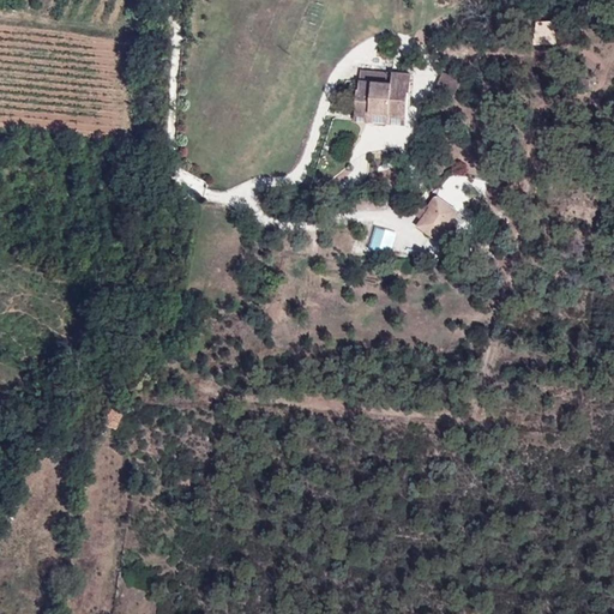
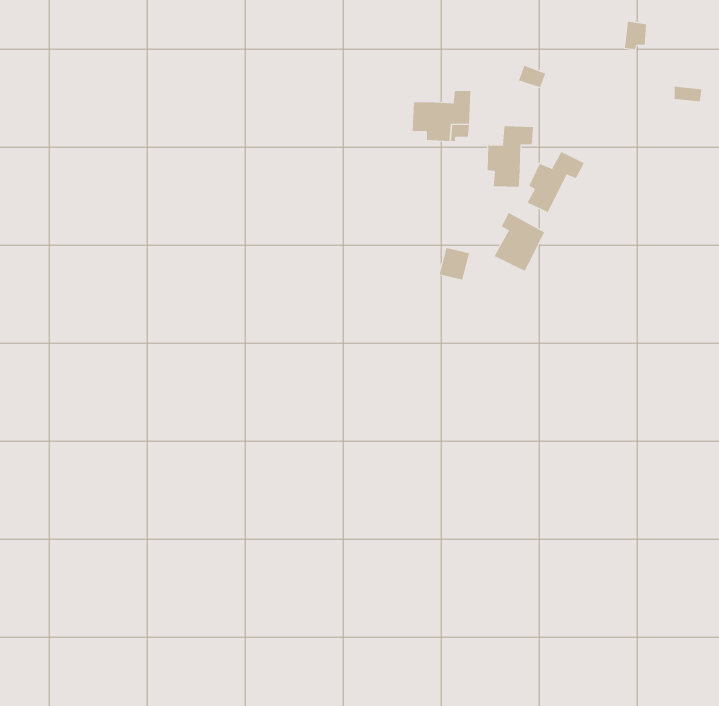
building: none -> [487,125,533,188]
building: none -> [527,151,585,213]

